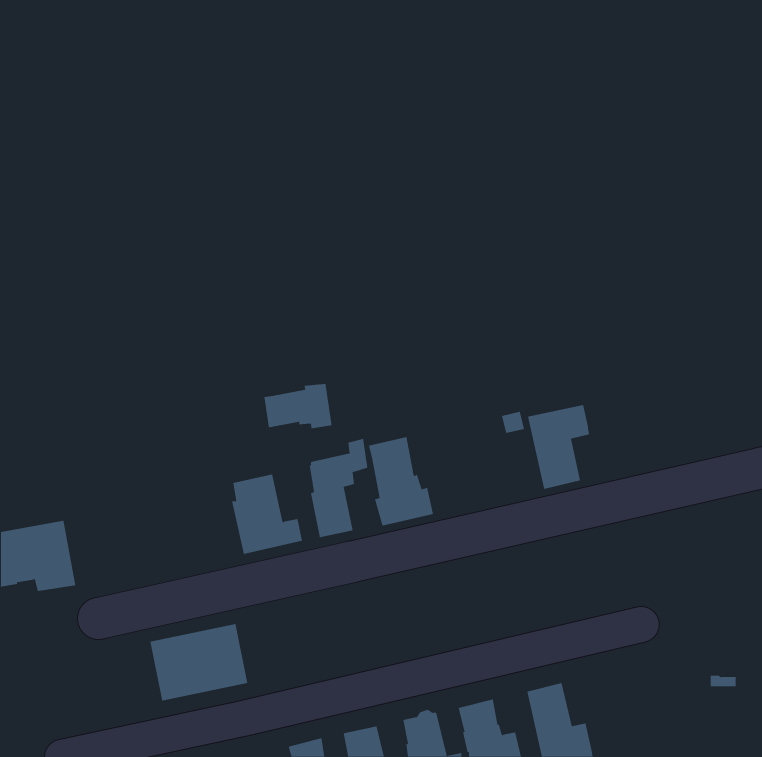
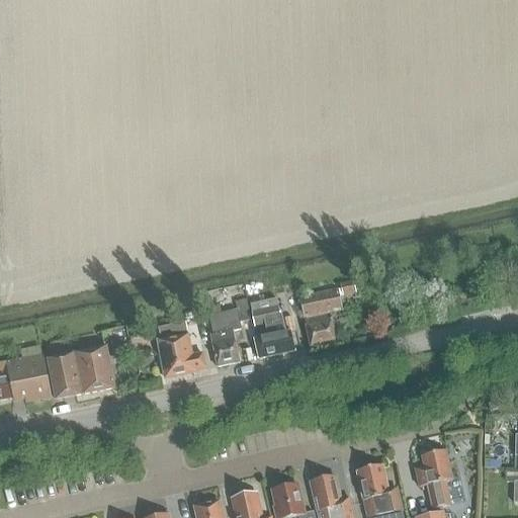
building: [264,383,332,429] -> none
building: [527,405,590,490] -> [299,288,342,346]
building: [150,624,248,701] -> [48,346,114,399]
building: none -> [416,449,452,509]

